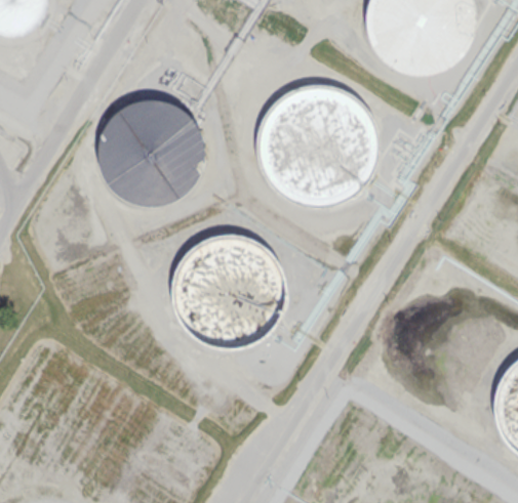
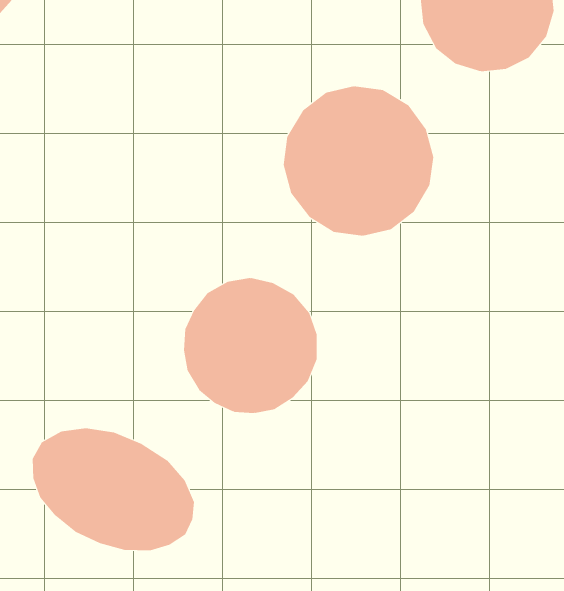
building: [96,95,204,203] -> none
building: none -> [32,427,195,551]

